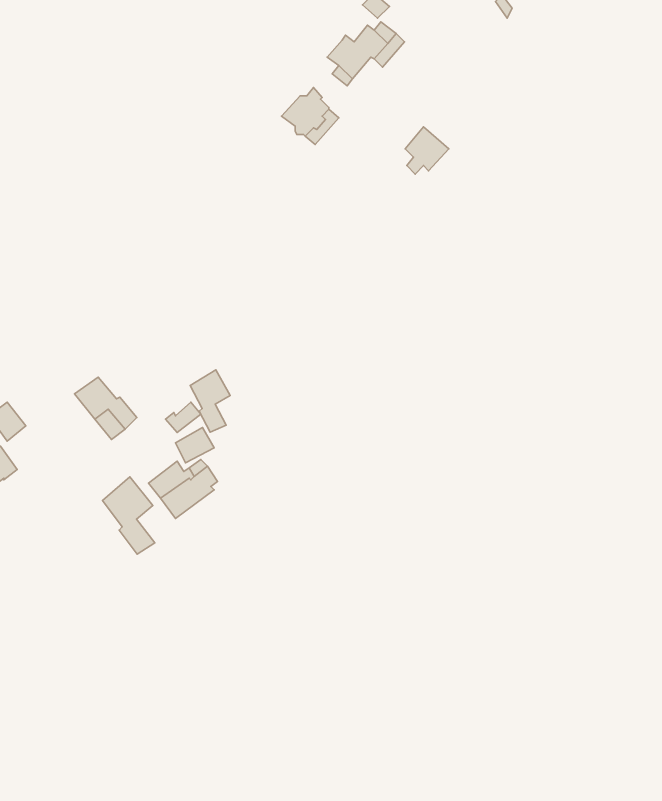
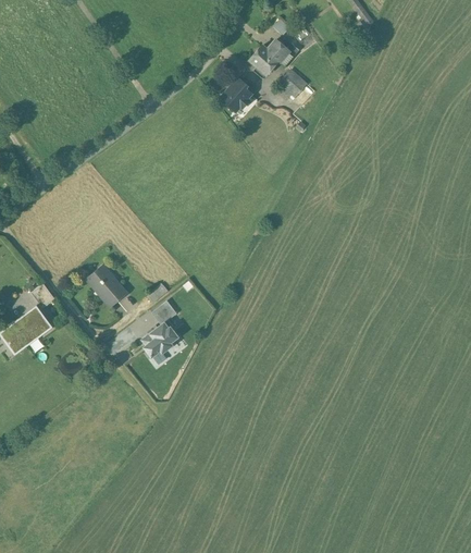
building: [405,127,449,174] -> [278,69,307,99]
building: [190,370,230,432] -> none
building: [103,477,155,554] -> none

